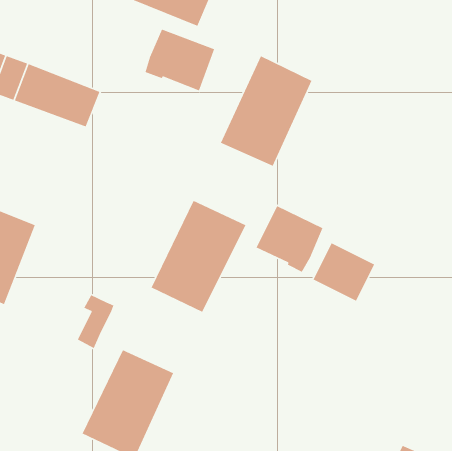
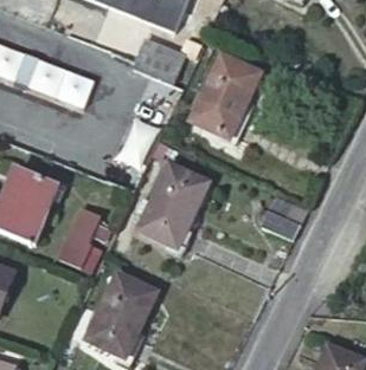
building: [256,205,324,273] -> none
building: none -> [59,208,110,267]

